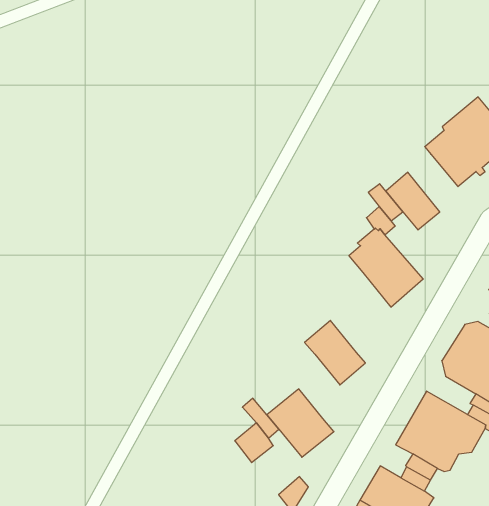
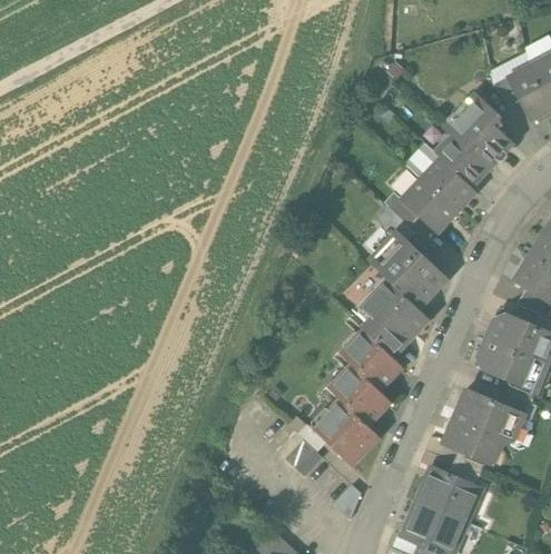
building: none -> [420,158,475,212]
building: none -> [361,280,430,358]
building: none -> [329,365,391,426]

